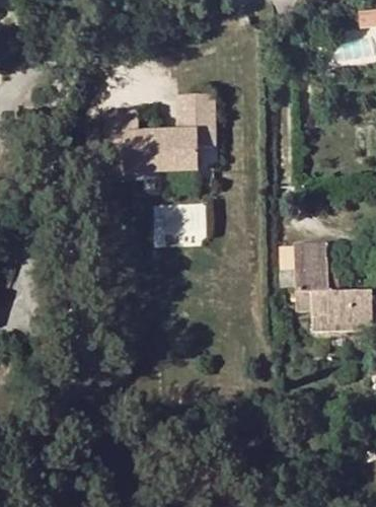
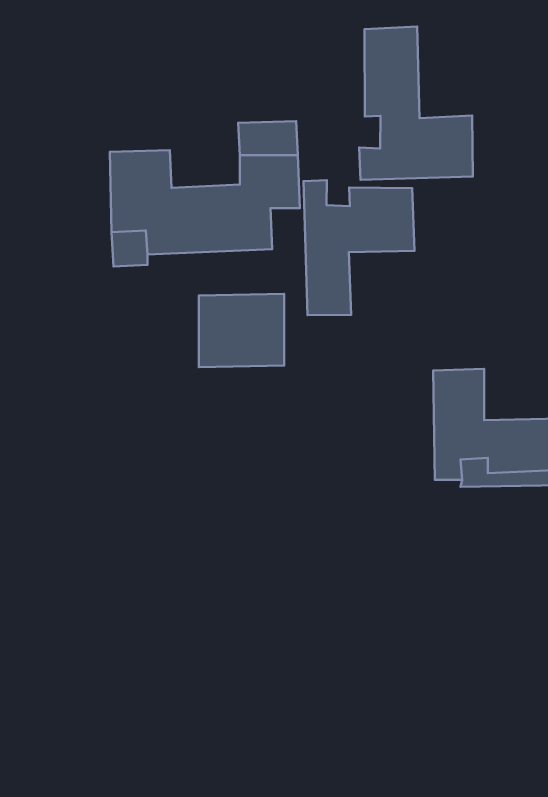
building: none -> [359,27,473,180]
building: none -> [304,180,415,315]

